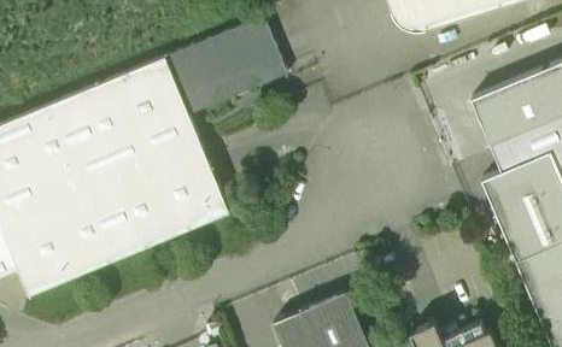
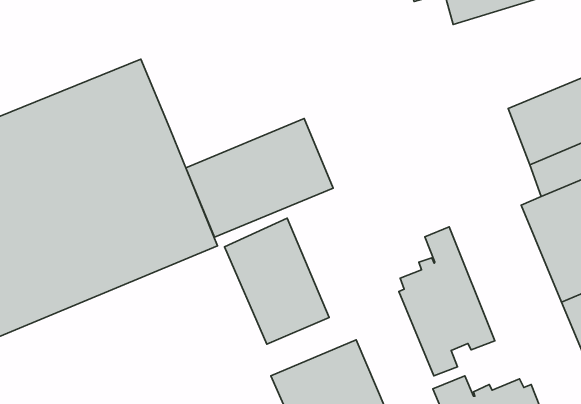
building: [165,17,288,116] -> [186,119,333,237]
building: none -> [224,218,329,344]
building: none -> [399,227,495,376]

